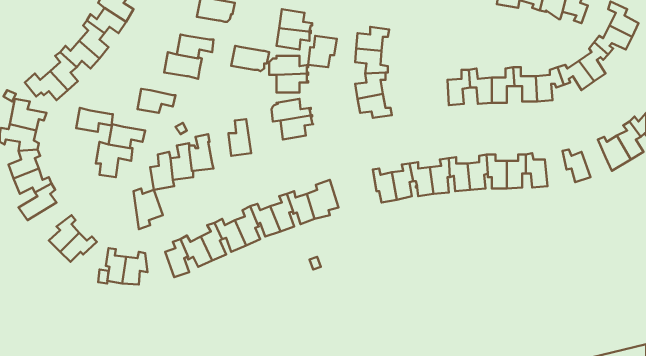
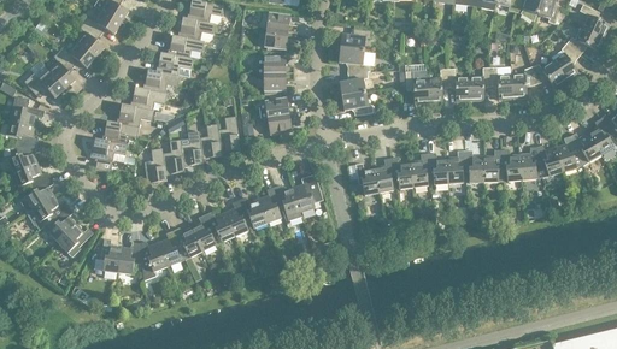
building: [308,36,337,67] -> none
building: [231,46,269,71] -> [178,17,215,41]
building: none -> [143,69,180,93]
building: none -> [405,71,428,103]
building: [76,108,113,132] -> [118,103,153,126]
building: none -> [199,123,222,158]
building: none -> [554,135,583,171]
building: none -> [519,146,542,179]
building: [134,189,163,229] -> [139,241,166,279]
building: none -> [25,195,69,230]

